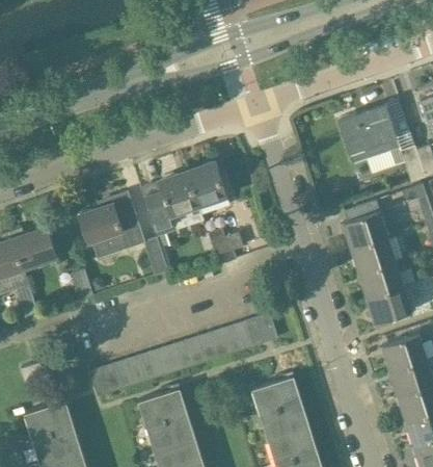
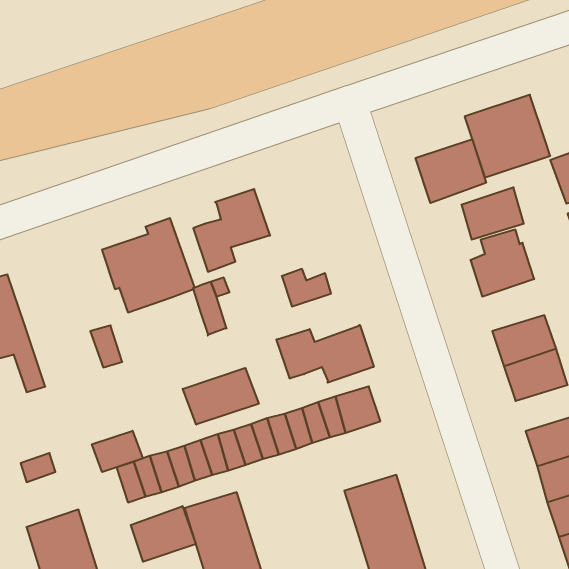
building: none -> [416,139,486,203]
building: [188,161,229,214] -> none
building: [11,227,57,268] -> none
building: [351,235,396,273] -> [461,187,524,240]
building: none -> [276,325,374,383]
building: none -> [183,368,259,425]
building: none -> [92,431,143,472]
building: none -> [131,506,196,562]

